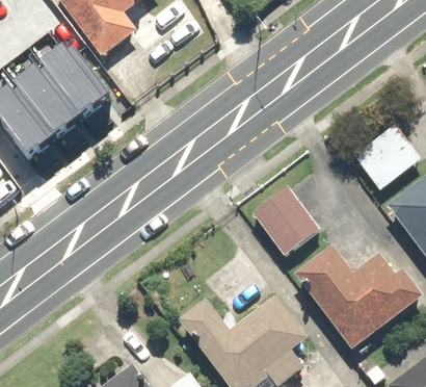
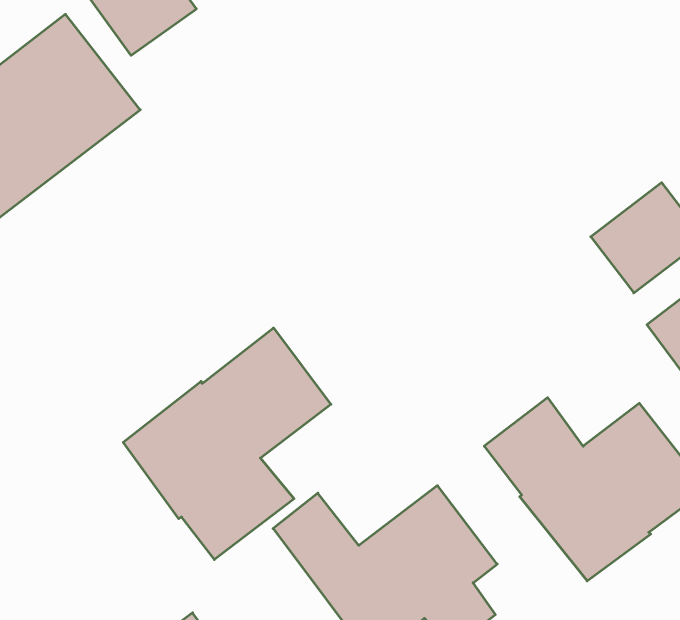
building: [250,182,320,253] -> none
building: none -> [123,328,331,560]

